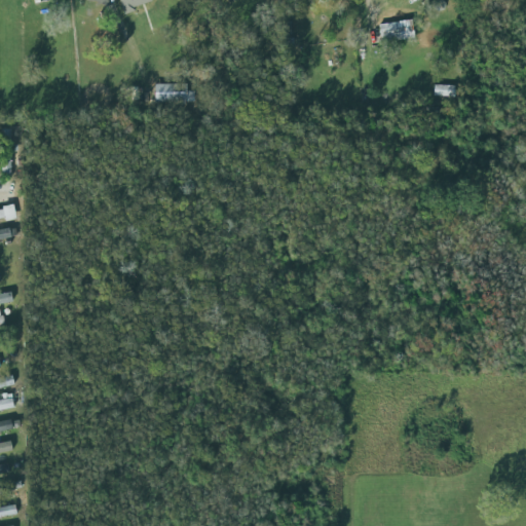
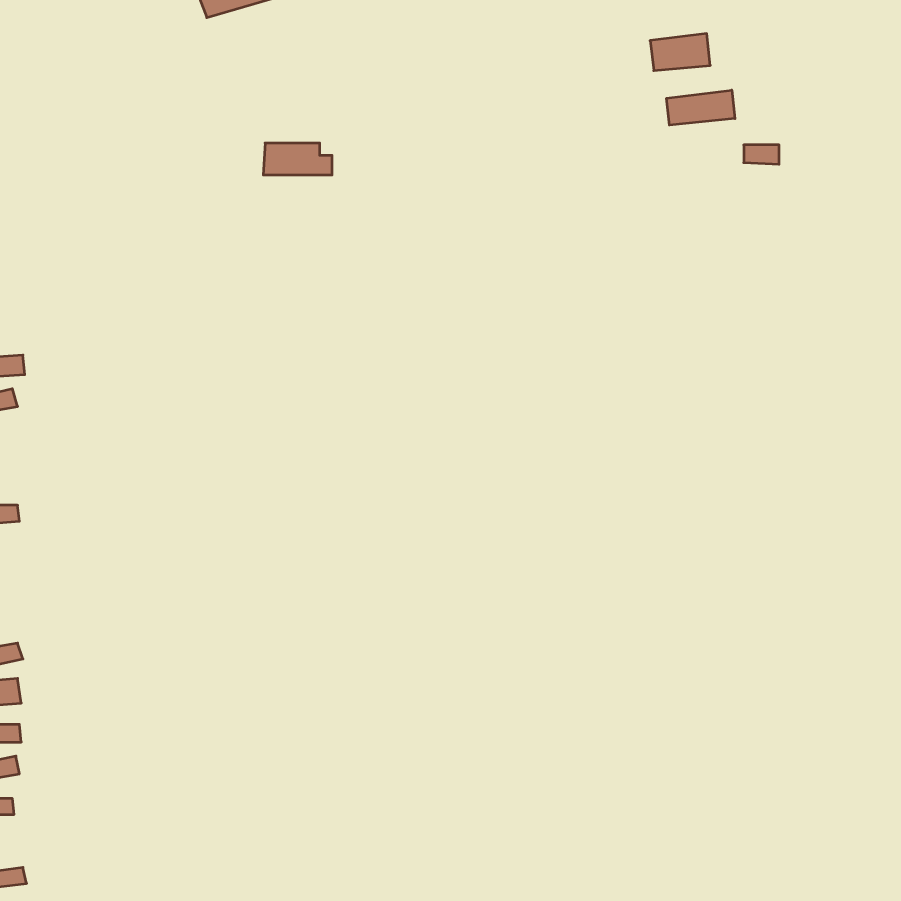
building: none -> [667,90,735,125]

